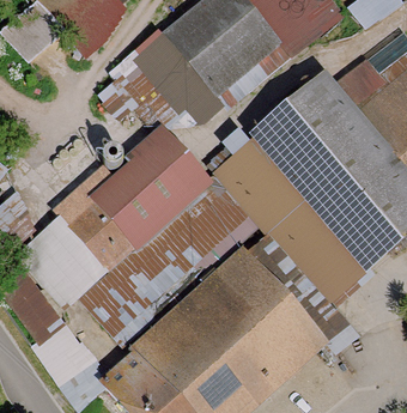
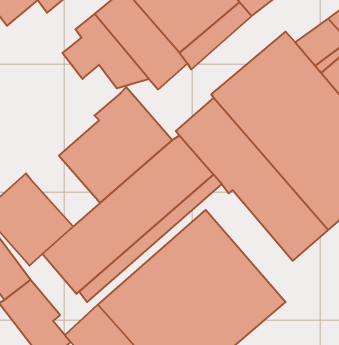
building: [63,198,134,269] -> none
building: [241,232,358,357] -> none

